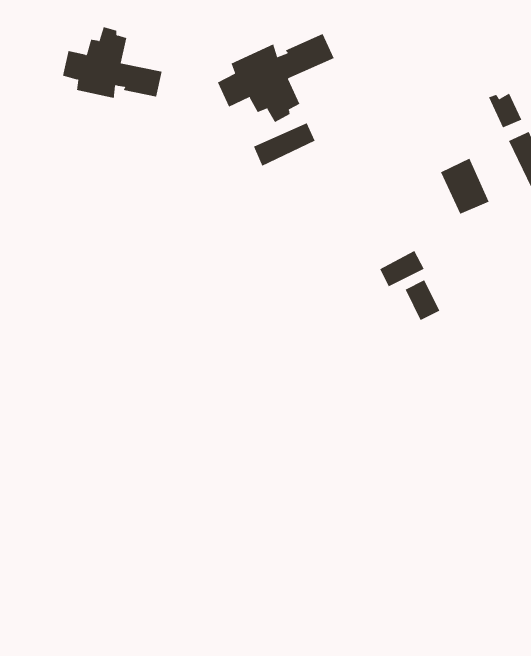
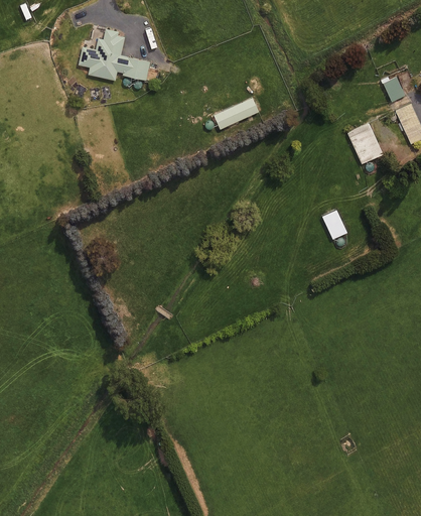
building: [217,33,335,123] -> none
building: [379,250,424,287] -> none

